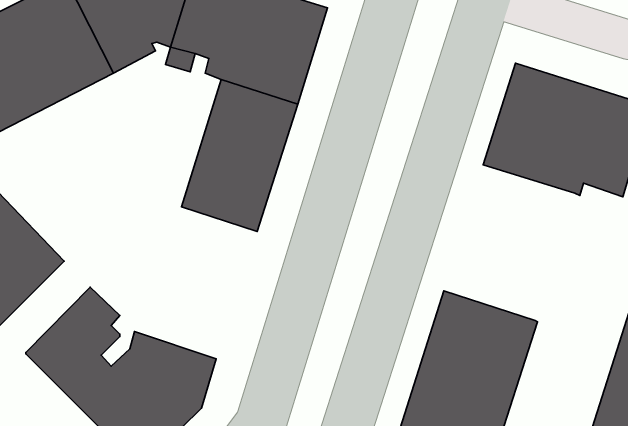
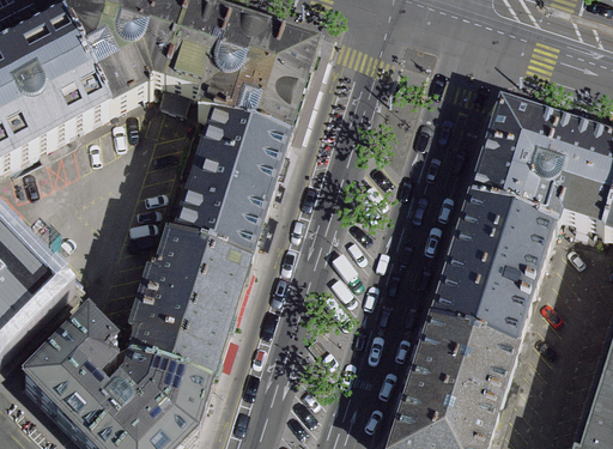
building: none -> [430,192,557,342]
building: none -> [129,230,249,380]

